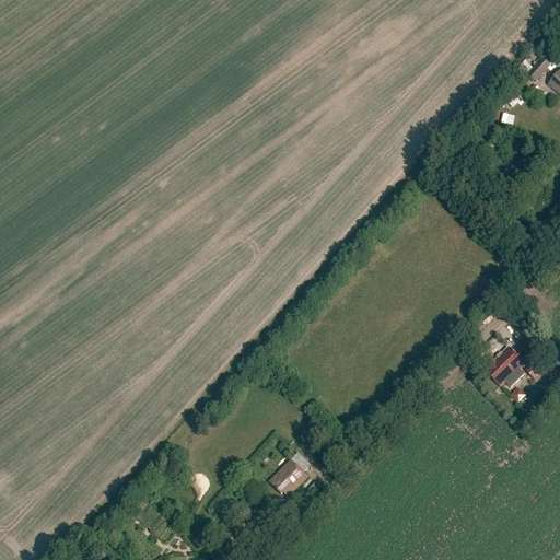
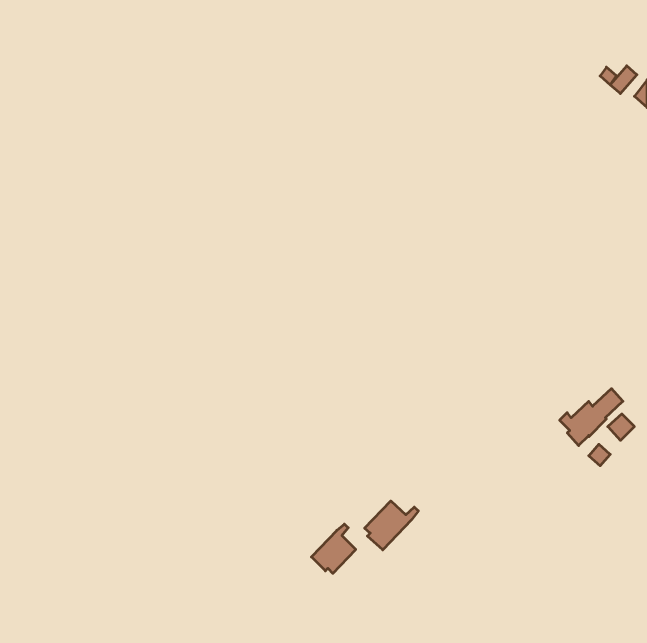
building: none -> [365,501,418,550]

